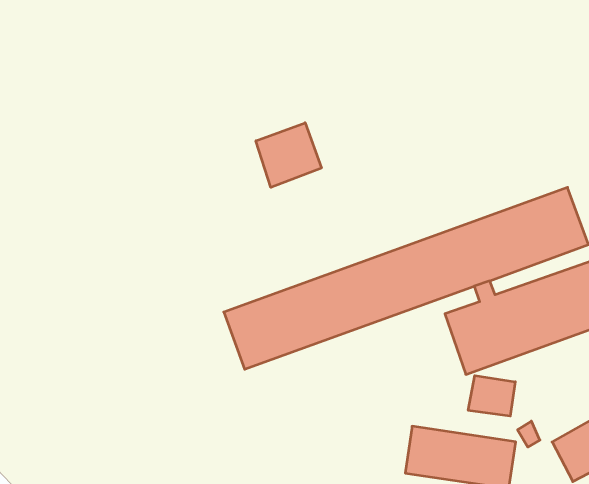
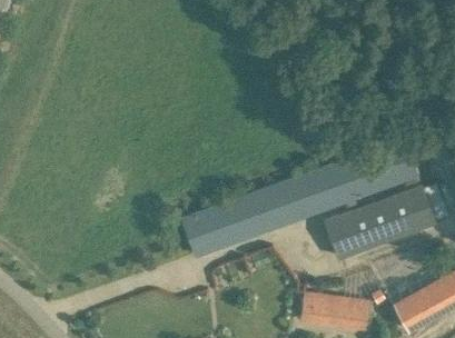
building: [256,123,321,187] -> none
building: [468,376,515,416] -> none

